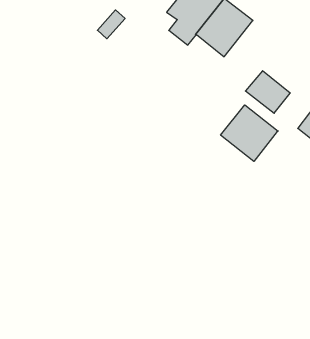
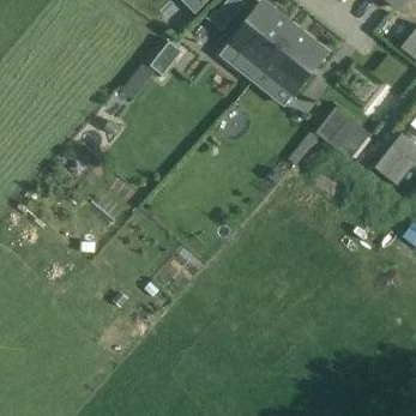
building: [221,105,278,161] -> none

